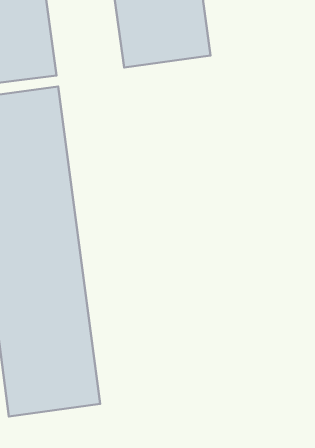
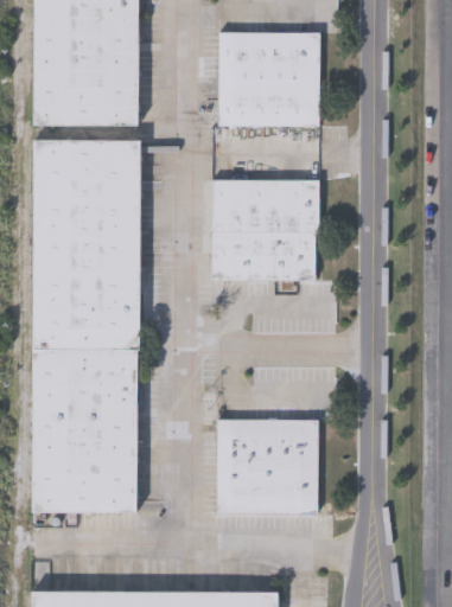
building: none -> [210,179,318,280]
building: none -> [216,418,319,512]

